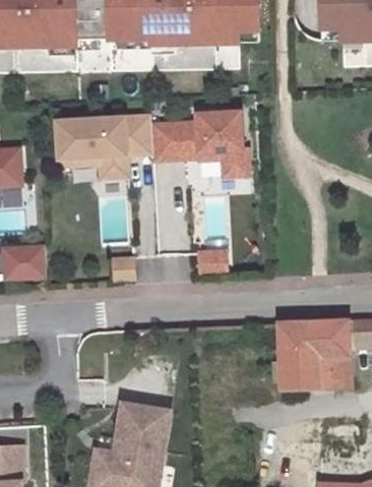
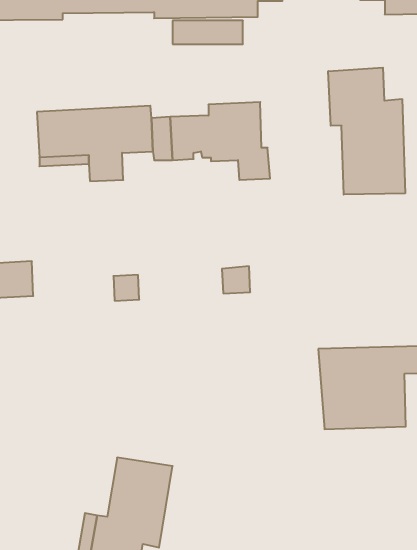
building: none -> [328,68,405,195]

